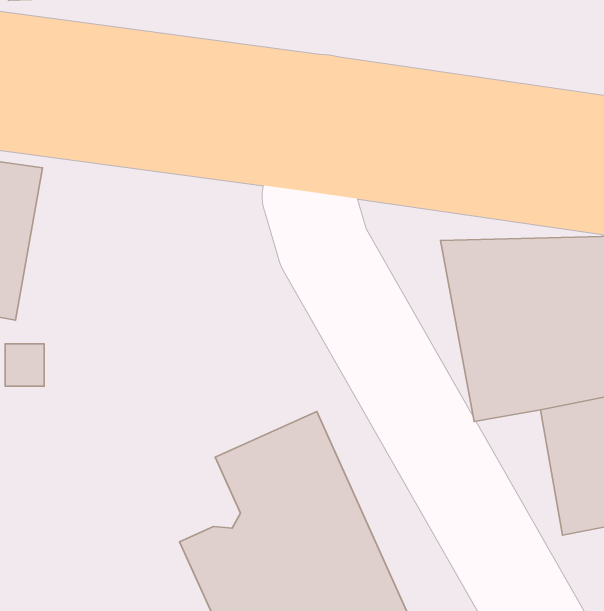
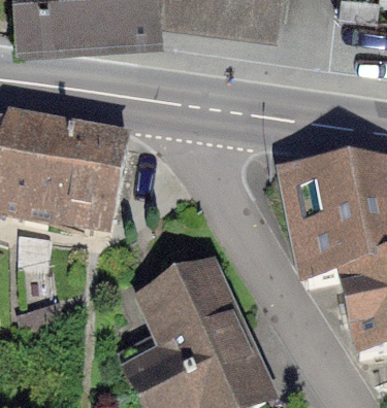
building: none -> [25,127,126,225]

